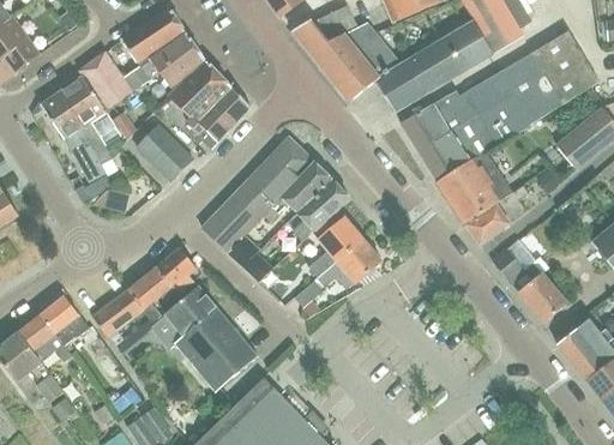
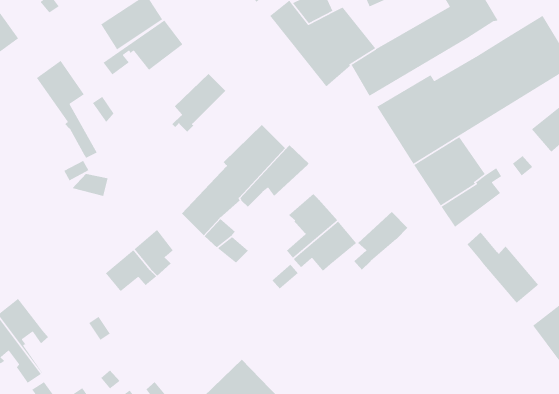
building: [80,52,132,110] -> none
building: [155,62,231,145] -> none
building: [41,94,106,182] -> none
building: [137,127,193,182] -> none
building: [294,181,349,241] -> [354,211,408,271]
building: [150,285,258,391] -> none
building: [94,290,143,337] -> none
building: [40,296,89,348] -> none

